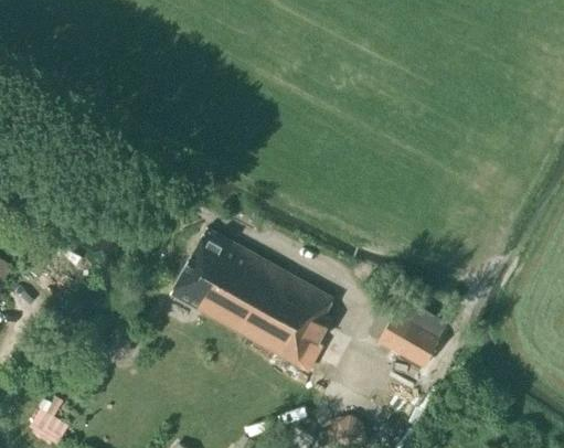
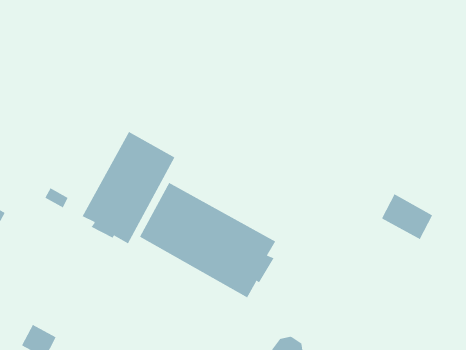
building: none -> [82,131,175,244]
building: [380,309,441,364] -> [381,193,433,240]

